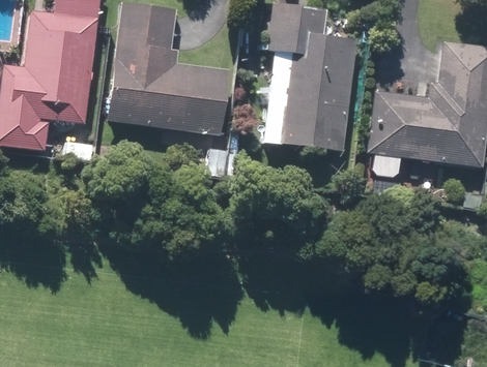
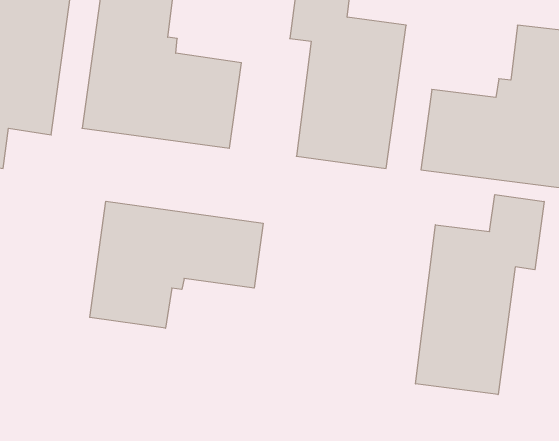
building: none -> [416,195,544,395]
building: none -> [90,201,263,328]

